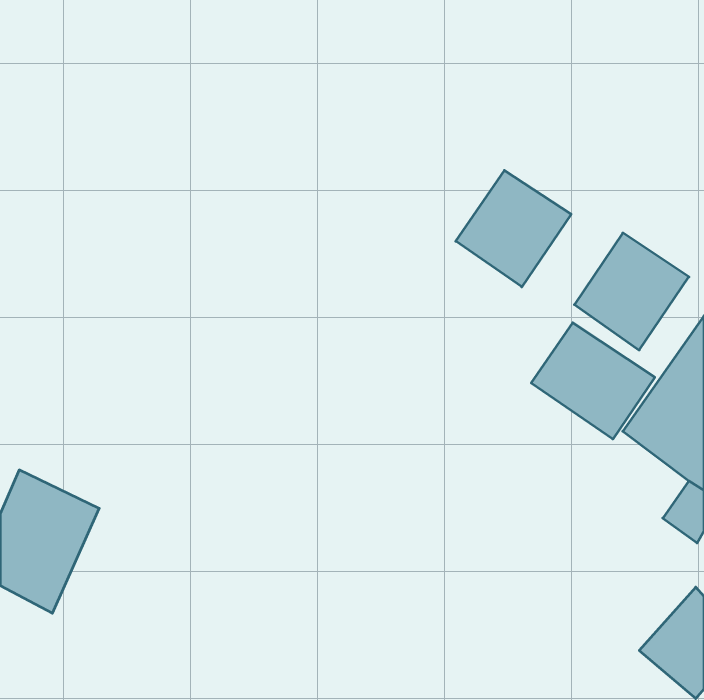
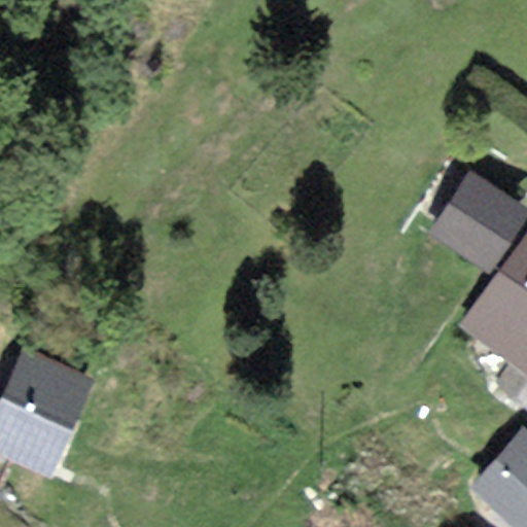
building: [456,170,571,287] -> none
building: [531,323,655,439] -> none

